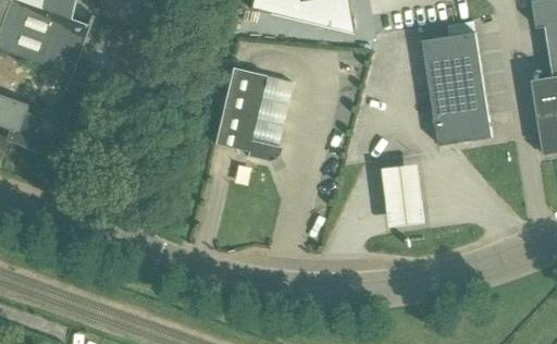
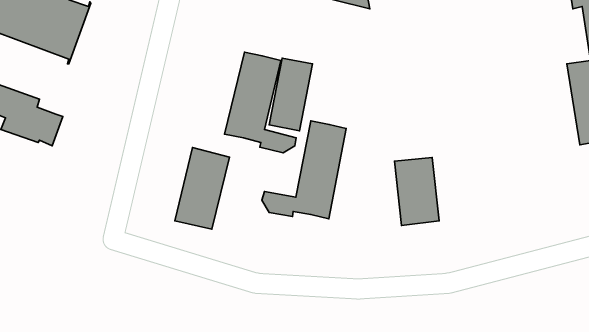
building: [424,33,494,146] -> none
building: none -> [262,121,346,219]
building: none -> [175,147,230,229]

